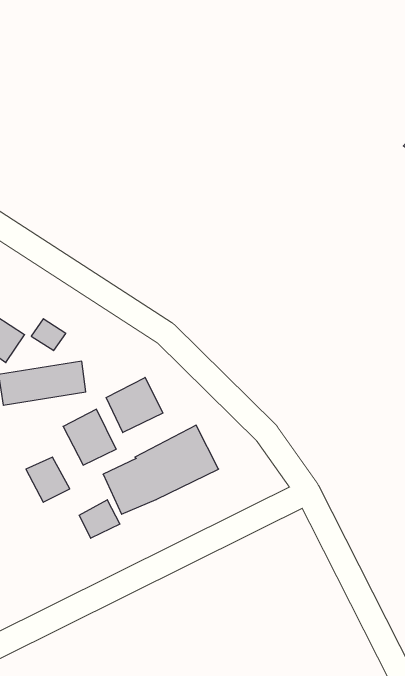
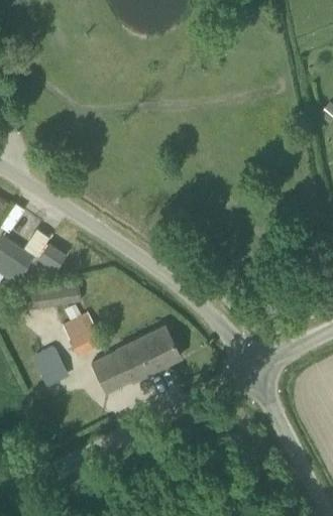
building: [106,377,163,433] -> none
building: [79,500,120,538] -> none

